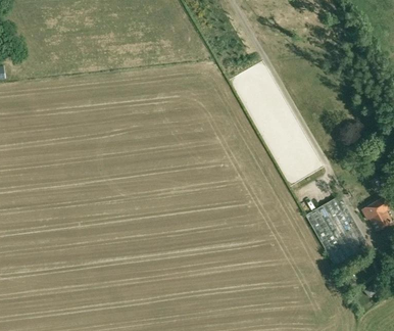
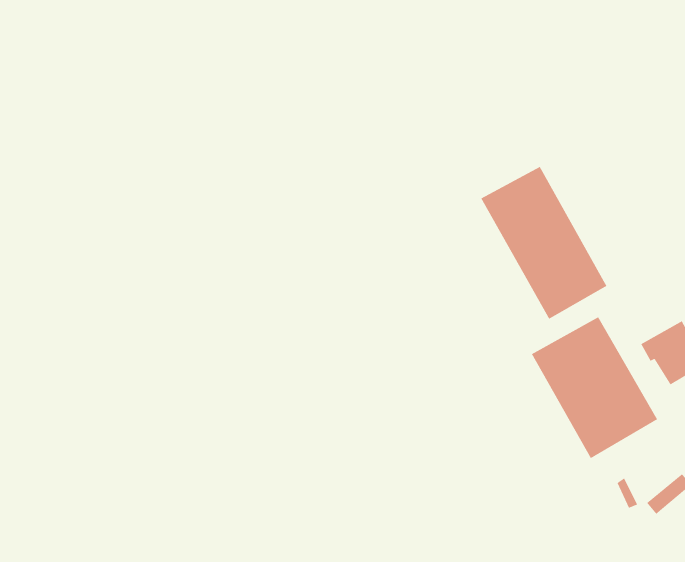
building: none -> [480,166,607,320]

